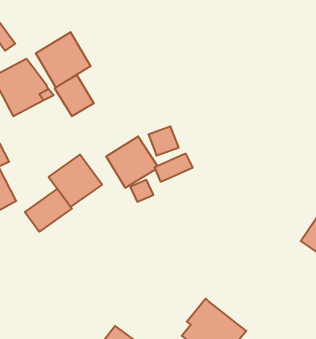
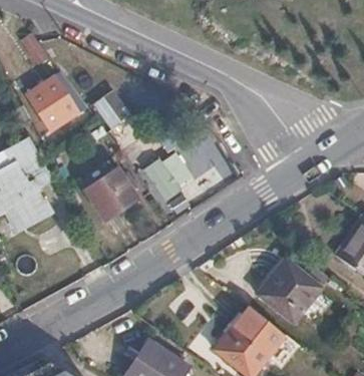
building: [36,32,91,87] -> none
building: [25,189,72,232] -> none
building: none -> [259,258,321,319]

